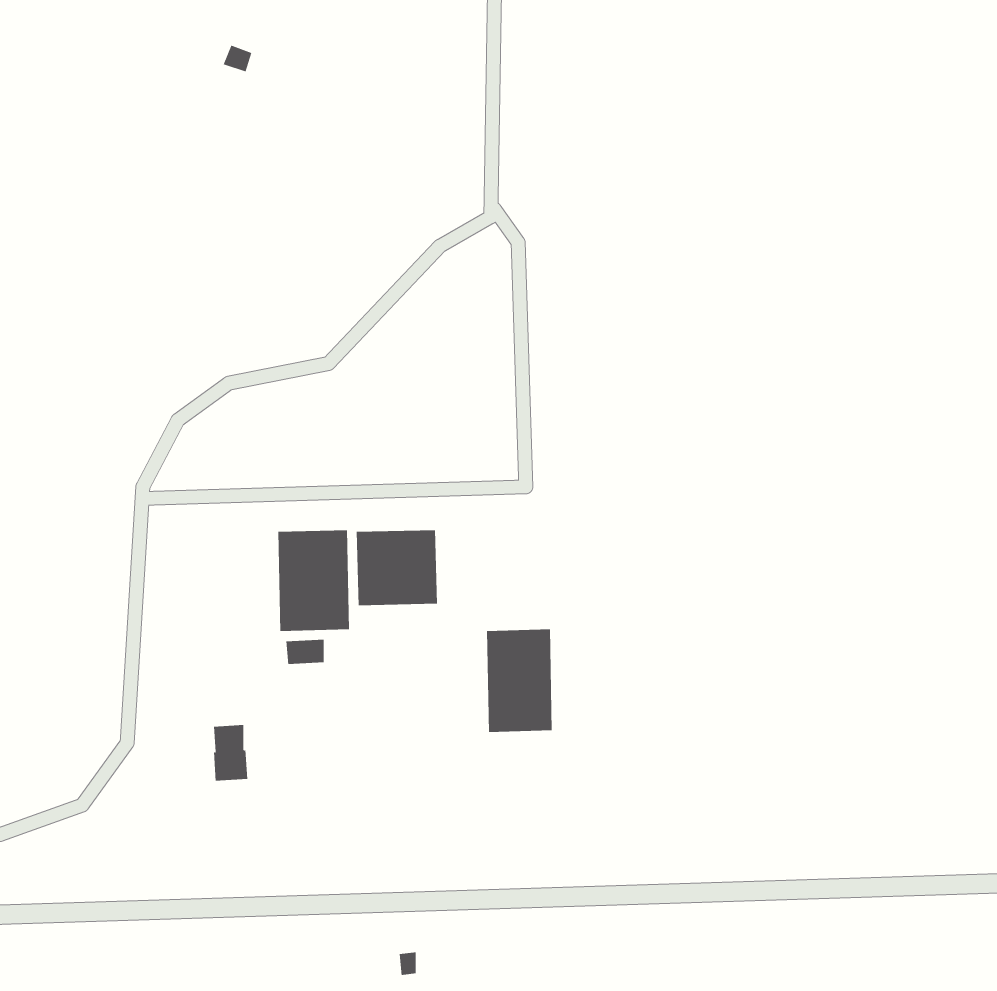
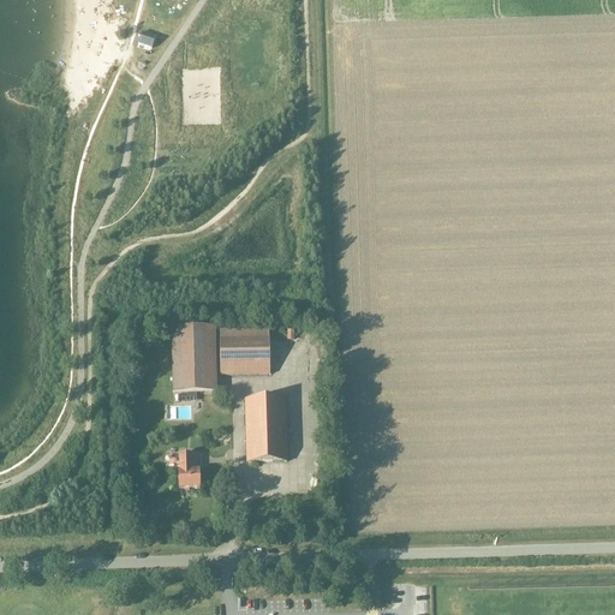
building: [486,629,553,732] -> [246,395,287,459]
building: [213,725,248,781] -> [179,450,201,485]

